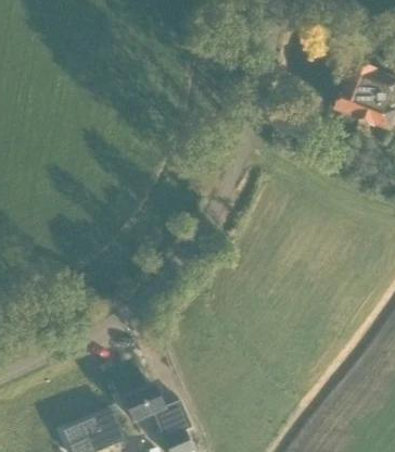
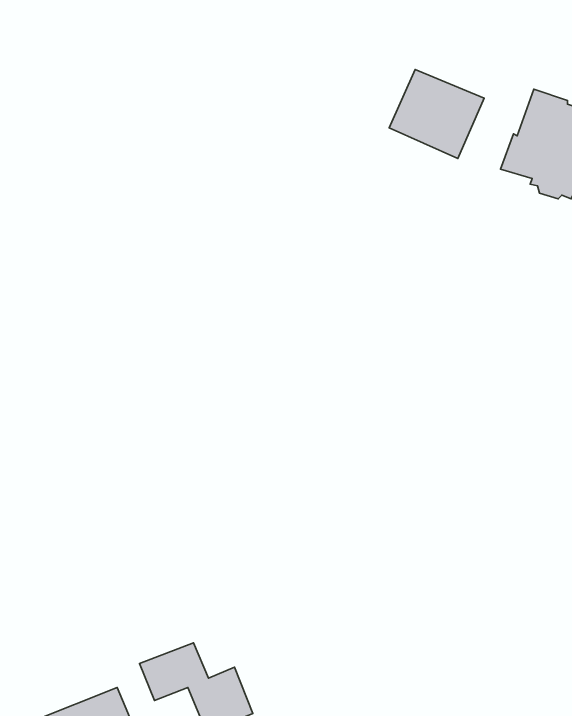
building: none -> [389,70,484,159]

